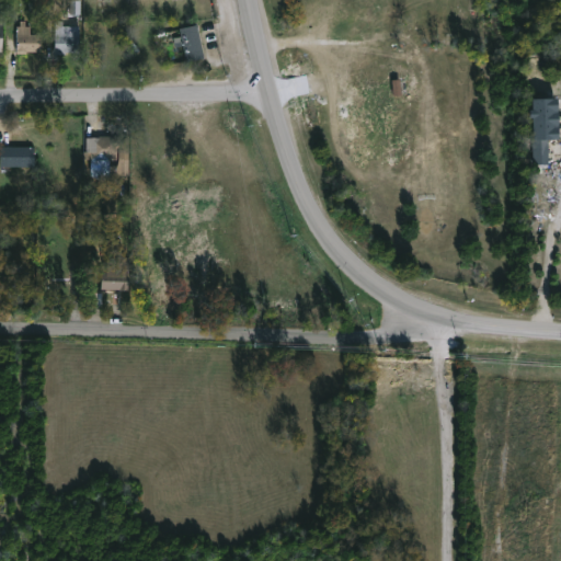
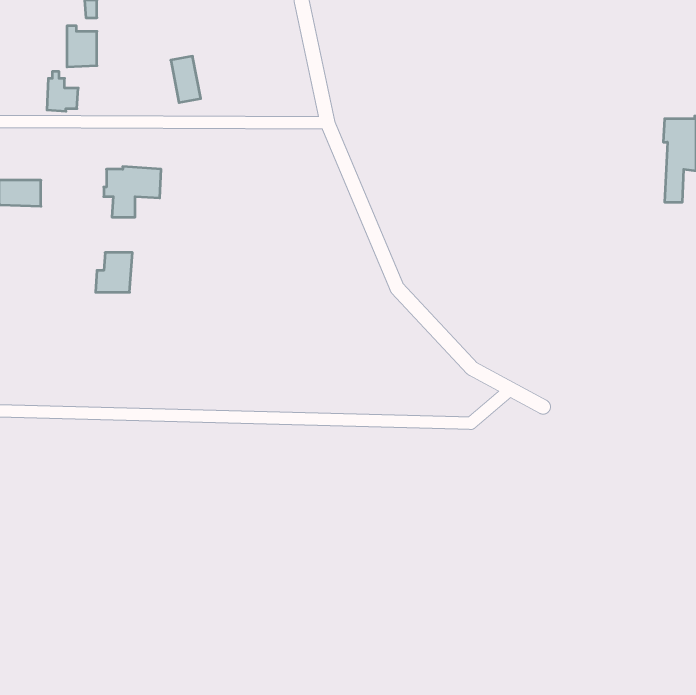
building: [15,23,41,55] -> [47,72,78,111]
building: [179,26,203,64] -> [171,56,201,103]
building: [100,259,129,290] -> [96,253,132,292]

